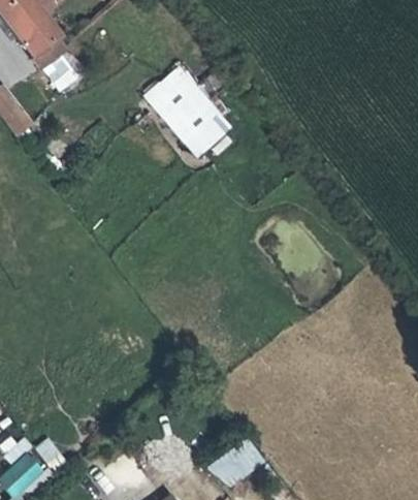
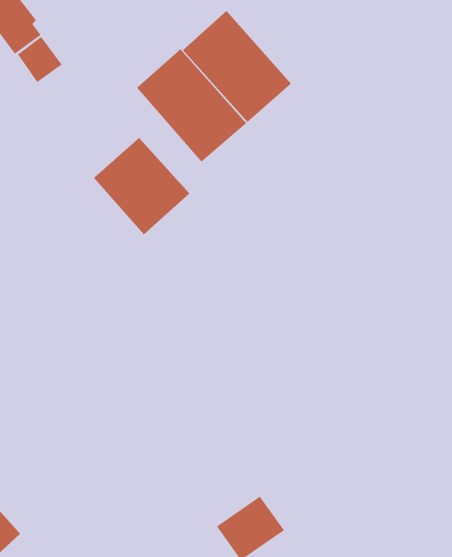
building: none -> [182,10,292,123]
building: none -> [93,137,190,235]

